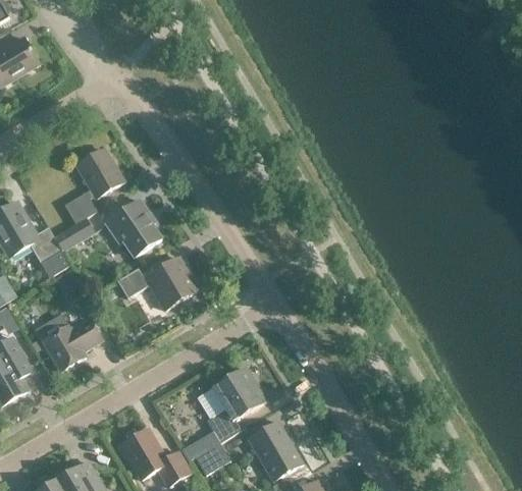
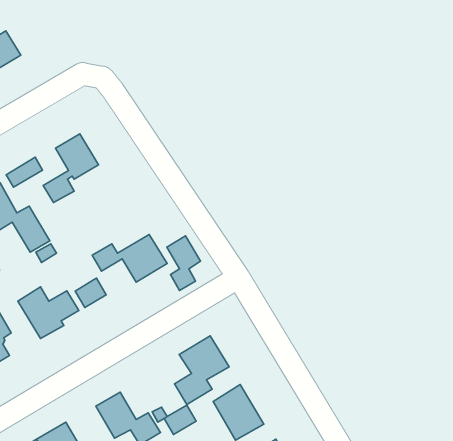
building: [105,199,161,256] -> none
building: [54,217,94,250] -> [6,157,43,187]
building: none -> [167,236,201,291]
building: none -> [75,278,106,307]

